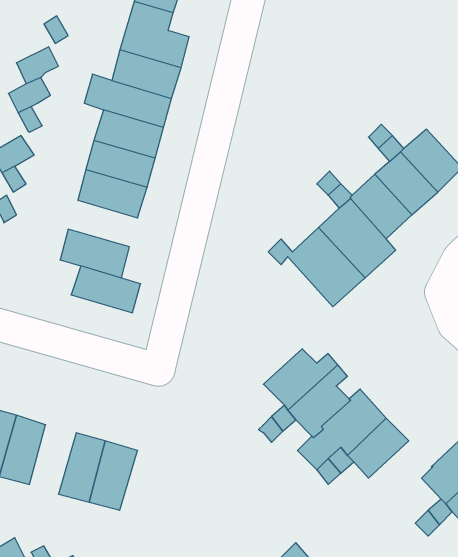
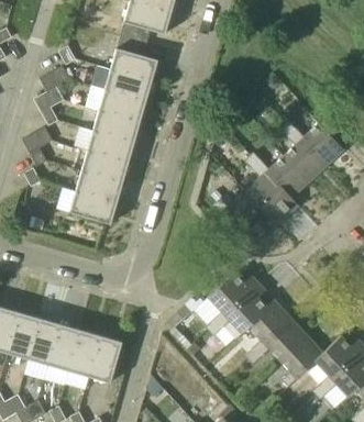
building: [71,266,141,313] -> [75,171,122,203]
building: none -> [48,324,80,371]
building: none -> [279,335,323,387]

